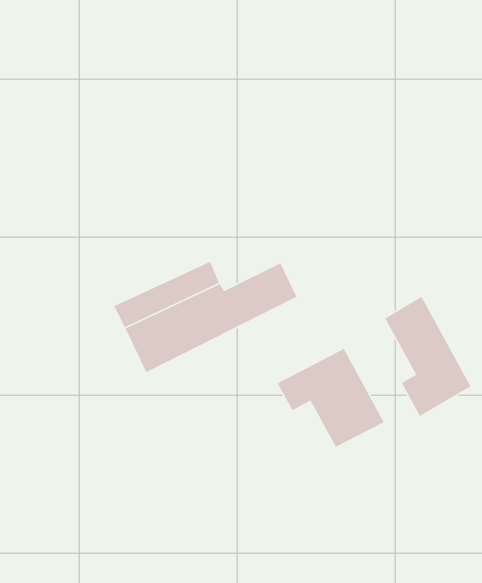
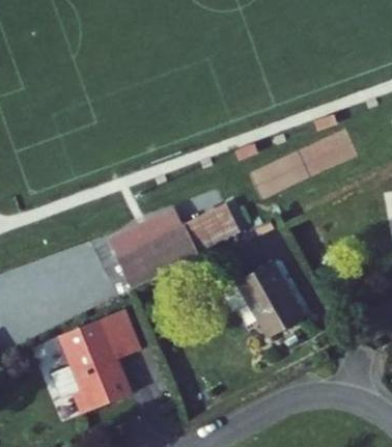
building: [384,296,471,417] -> none
building: none -> [51,310,131,414]

